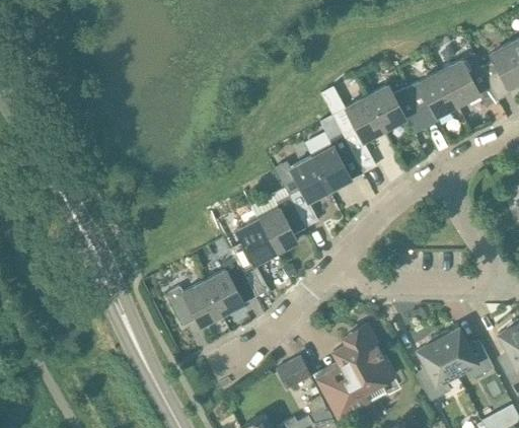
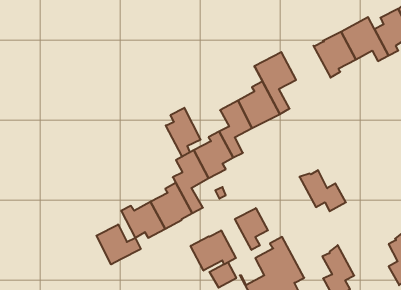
building: [366,85,427,135] -> none
building: none -> [166,108,201,157]
building: none -> [235,208,268,250]
building: none -> [96,224,141,264]
building: none -> [191,230,236,271]
building: [436,328,494,378] -> [299,170,346,211]

